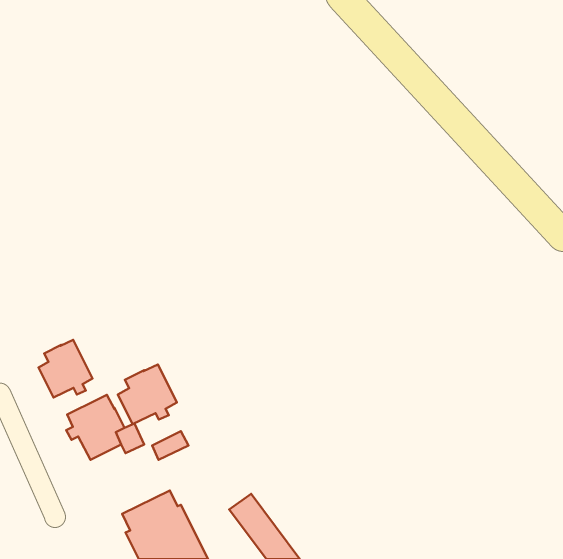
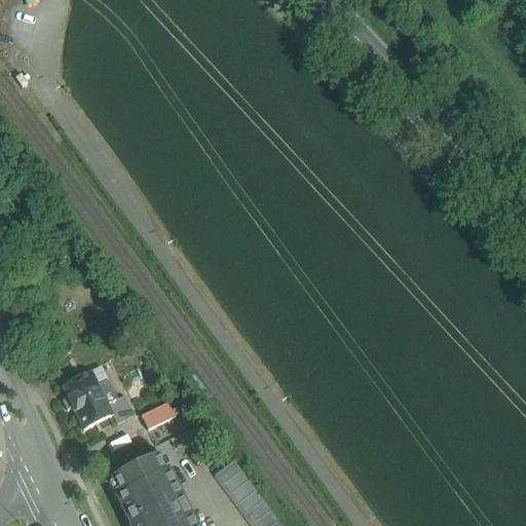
building: [38,340,93,398] -> none
building: [118,364,177,424] -> none

